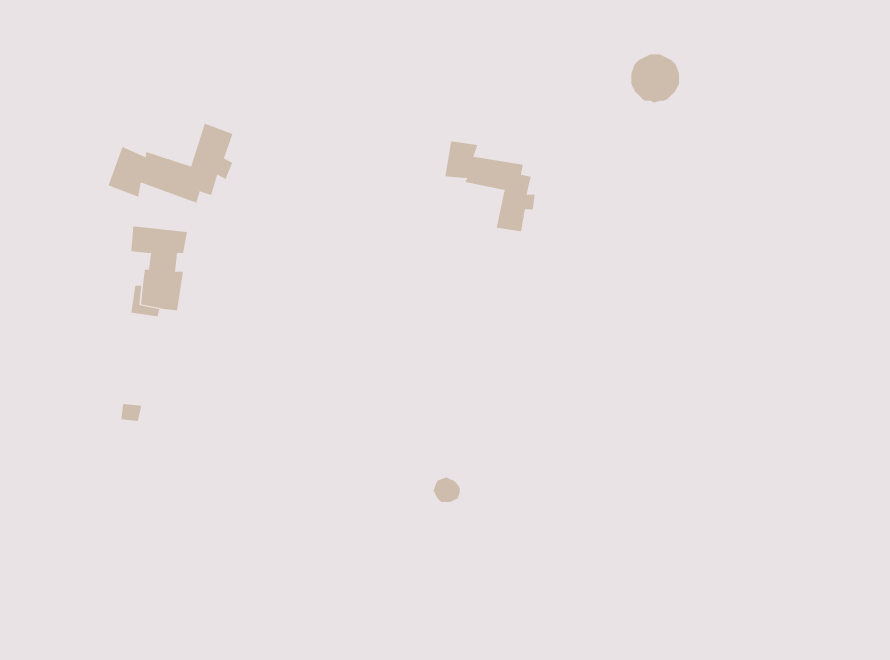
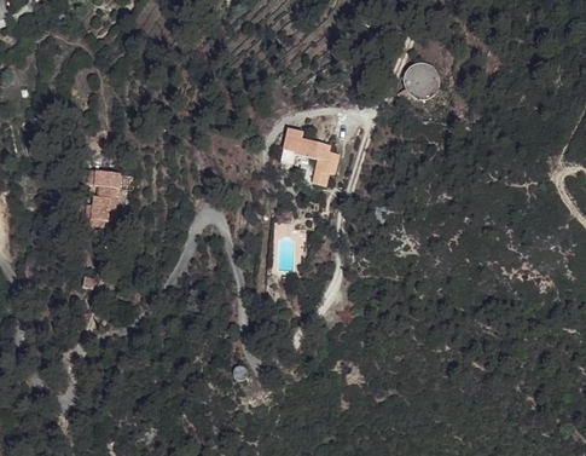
building: [108,123,233,203] -> none

